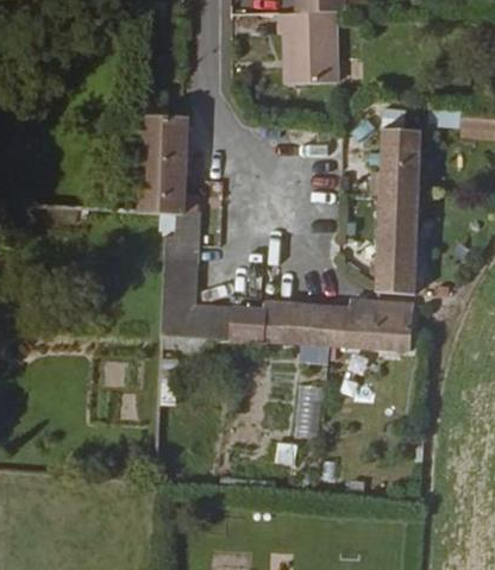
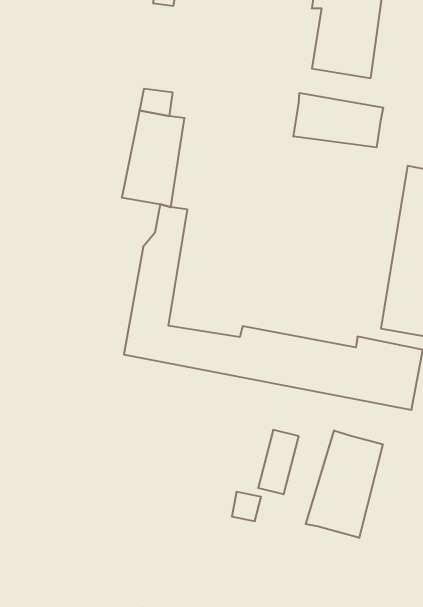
building: none -> [293,93,383,147]
building: none -> [306,430,383,538]

